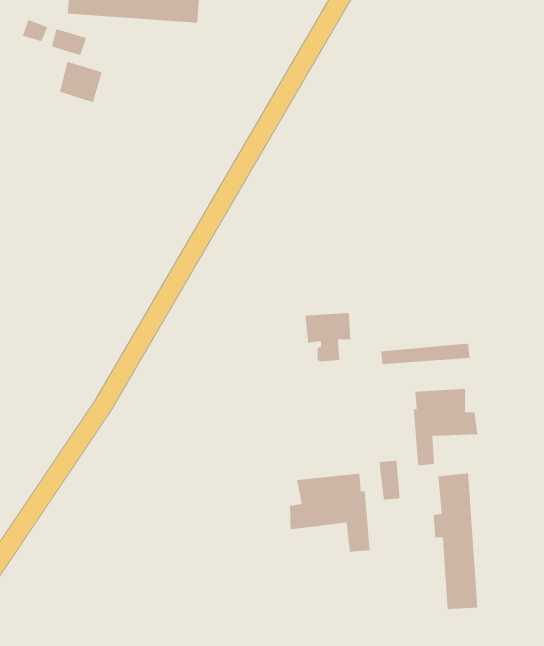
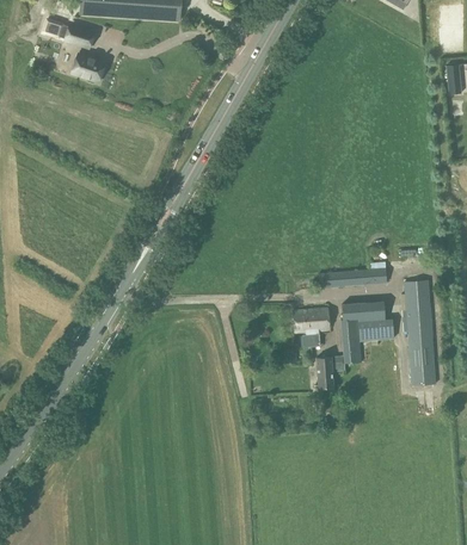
building: [304,312,351,362] -> [293,308,328,346]
building: [433,473,478,610] -> [401,278,436,383]
building: [289,473,370,553] -> none

